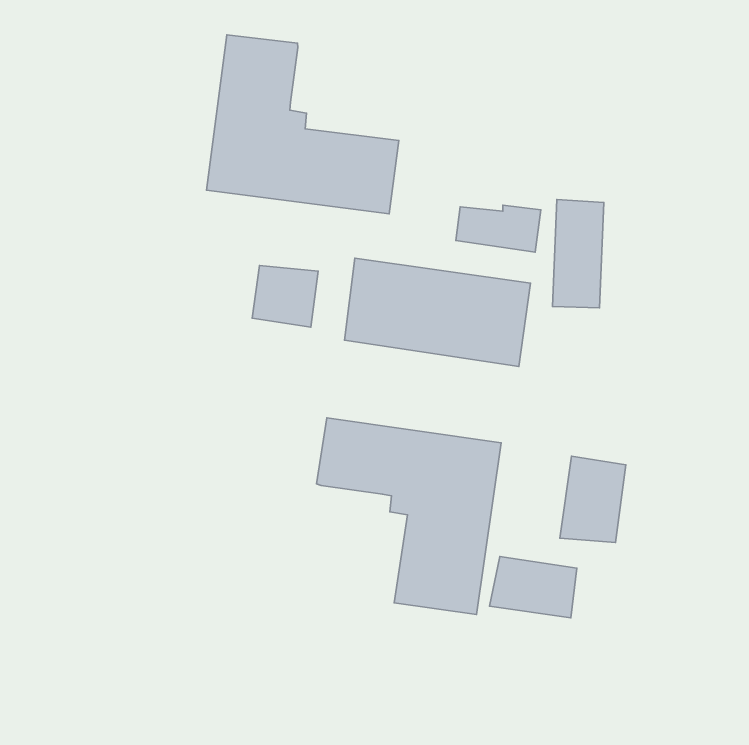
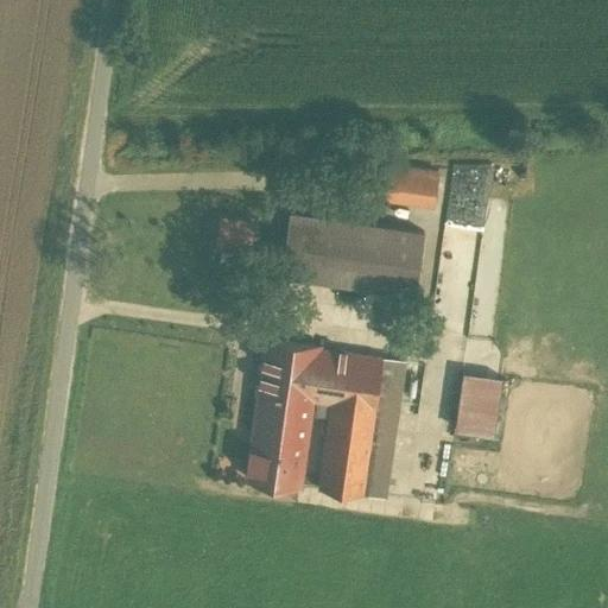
building: [206,35,399,214] -> none
building: none -> [248,397,310,489]
building: [489,556,577,618] -> none

